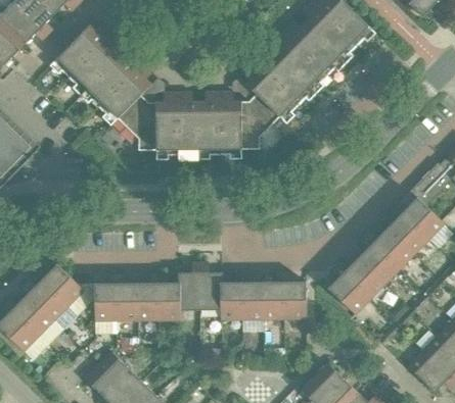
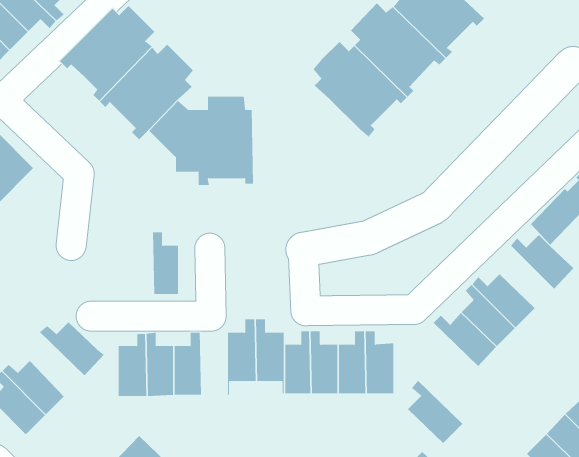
building: [197,92,279,159] -> none
building: [386,206,428,254] -> none
building: [327,265,370,314] -> [407,380,463,444]
building: [27,272,69,321] -> none
building: [157,272,178,320] -> [152,232,179,295]

